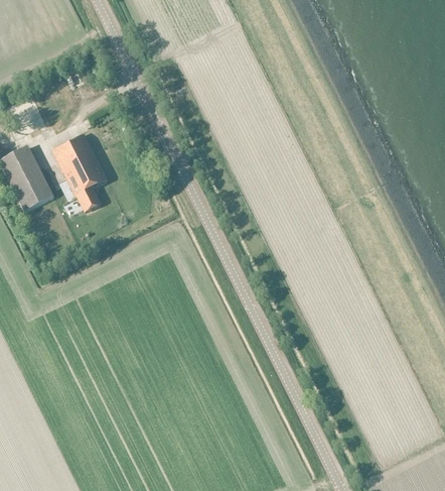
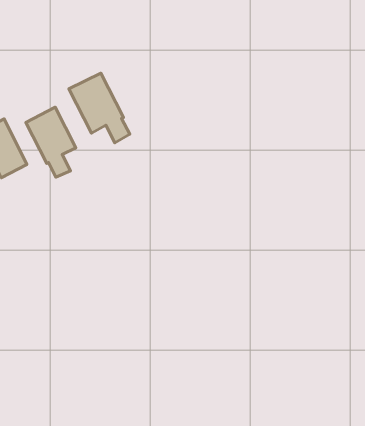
building: none -> [69,73,130,143]

